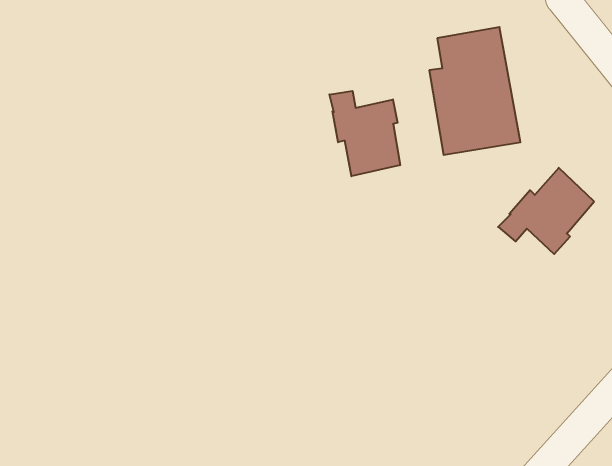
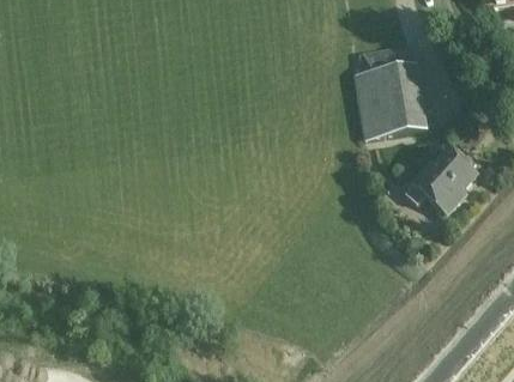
building: [329,91,400,176] -> none

